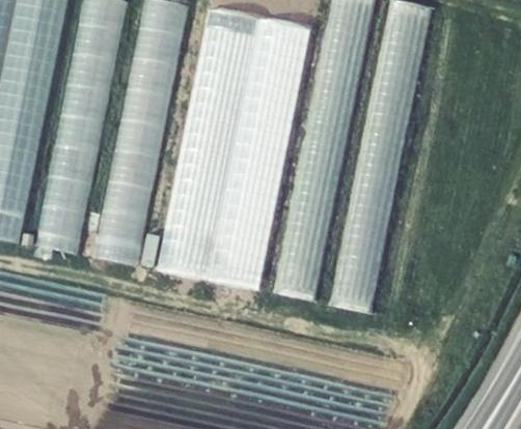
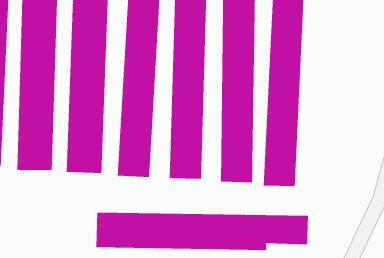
building: none -> [96,212,309,251]

